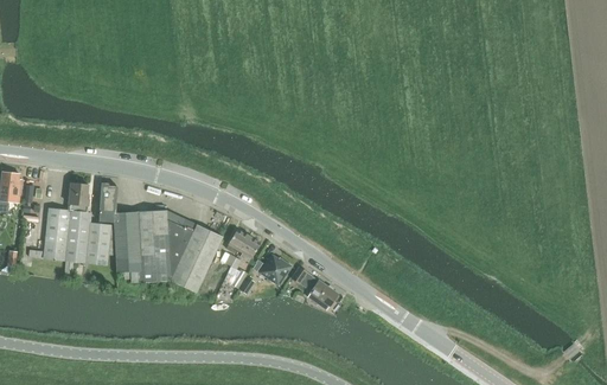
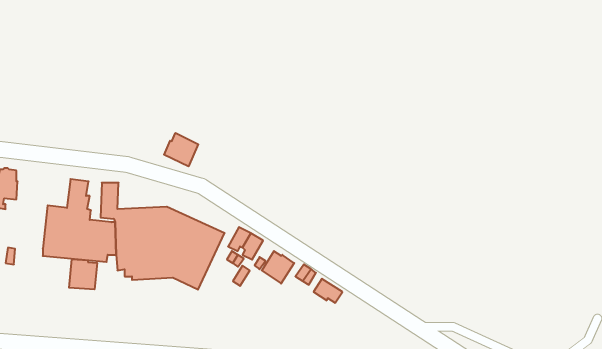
building: none -> [164,133,198,166]
building: none -> [69,259,97,289]

